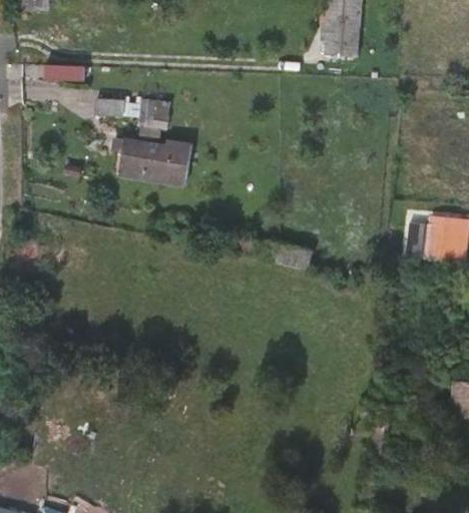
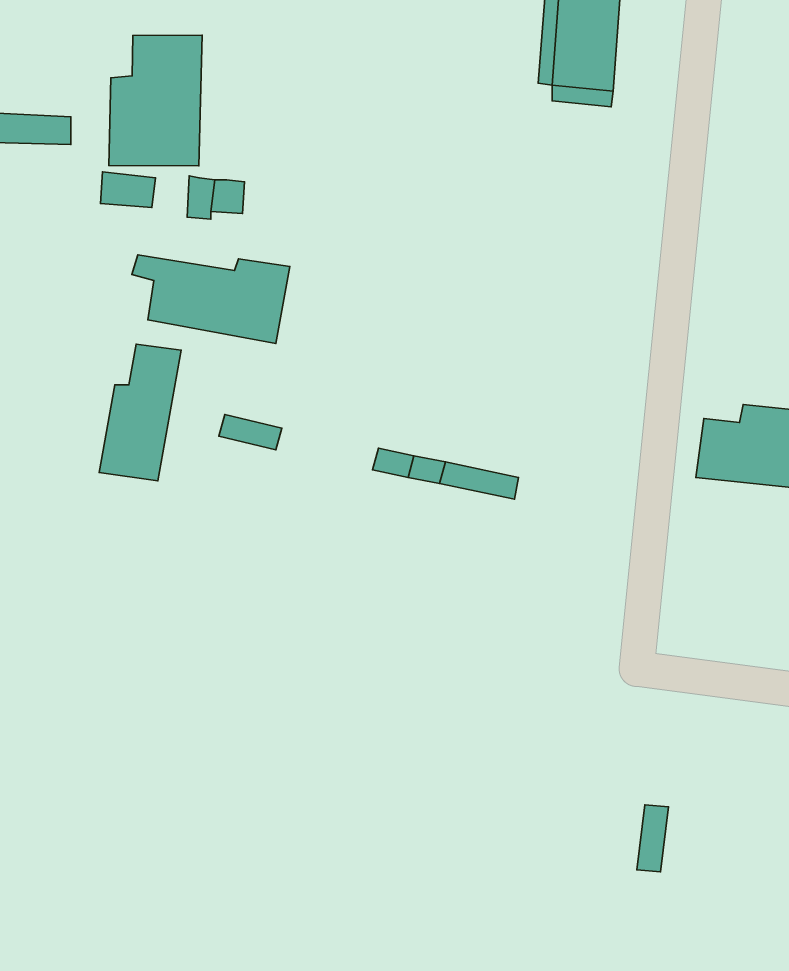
building: none -> [109,35,202,166]
building: none -> [99,344,181,481]

